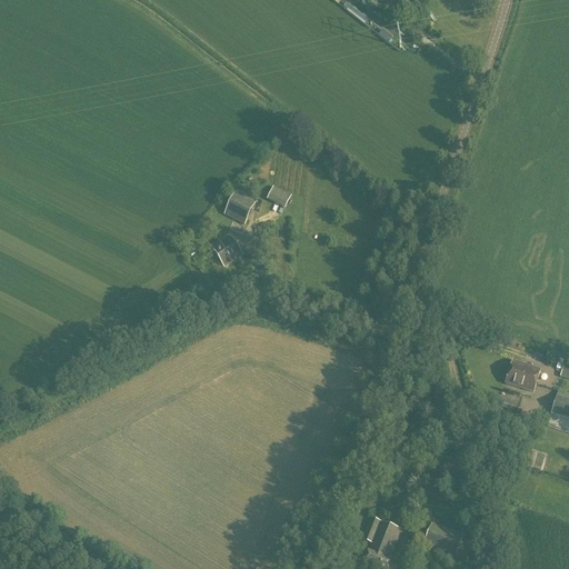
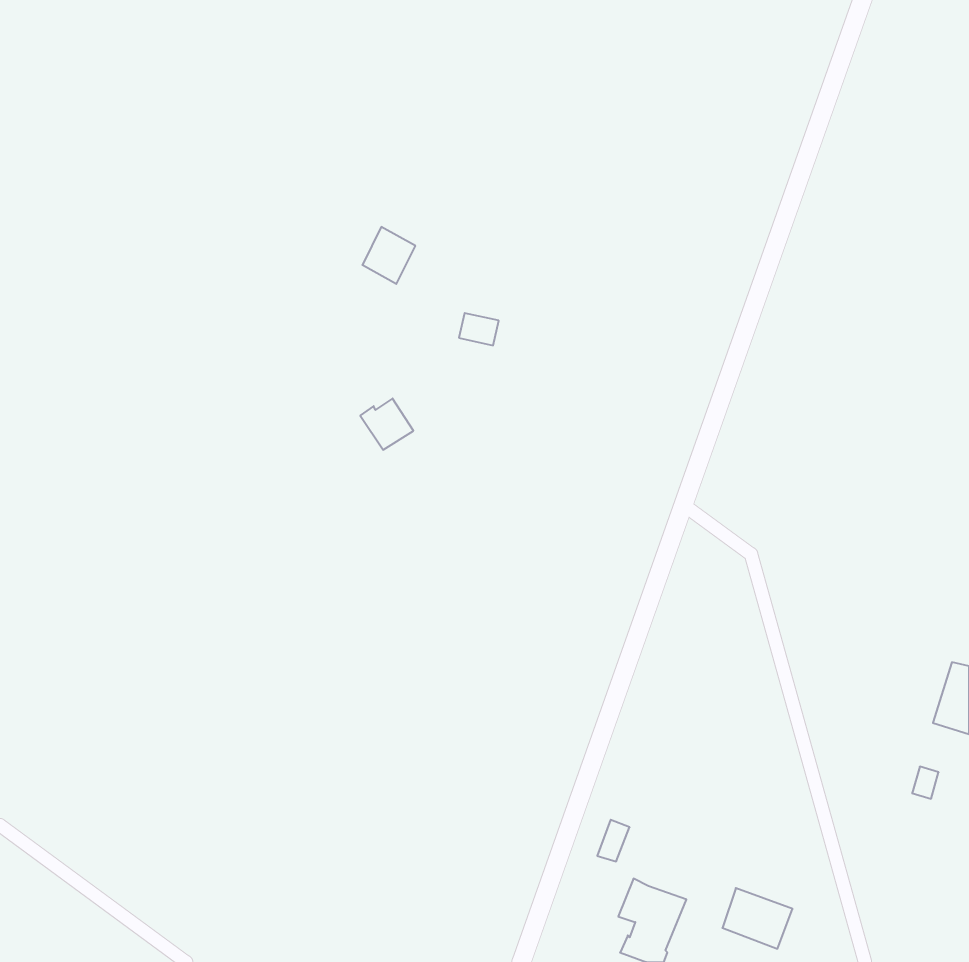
building: [224,189,256,222] -> [362,227,415,284]
building: [506,358,540,389] -> none

